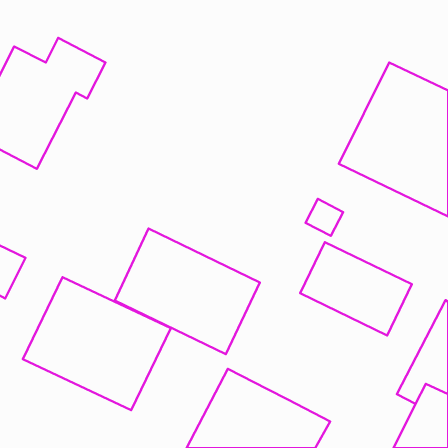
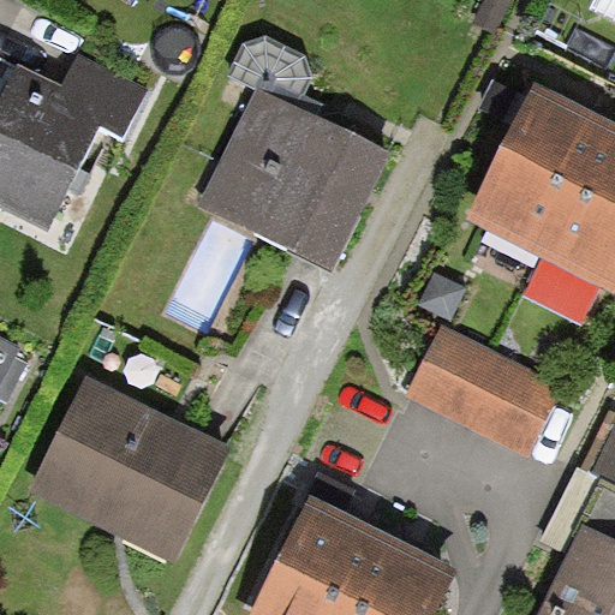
building: none -> [202,88,389,270]
building: [115,228,260,354] -> none

